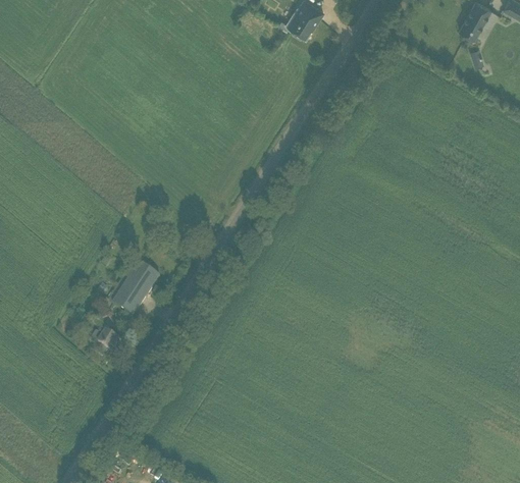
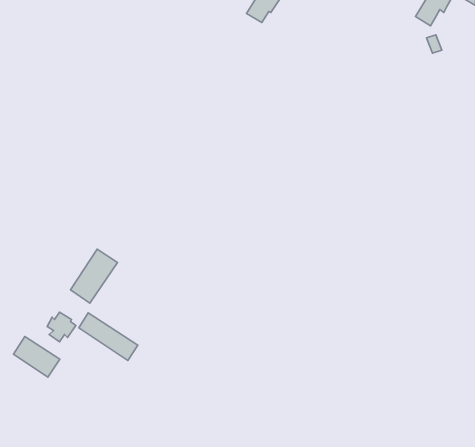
building: none -> [79,313,138,360]
building: none -> [13,337,60,377]

